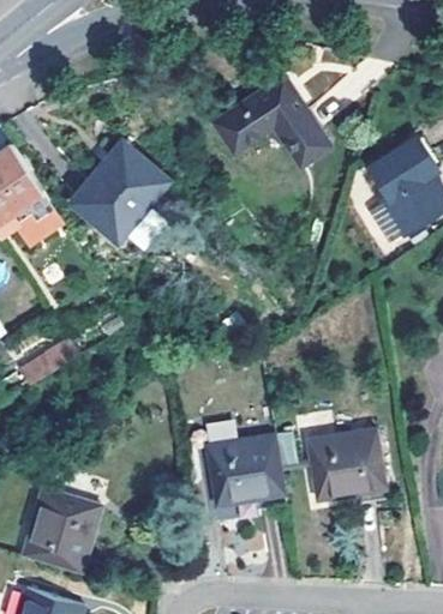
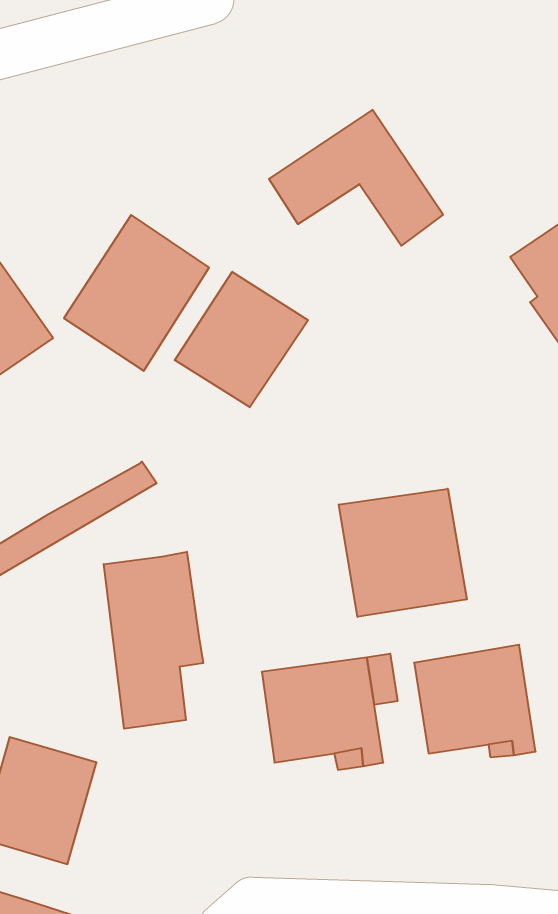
building: none -> [175,272,308,407]
building: none -> [339,489,467,617]
building: none -> [104,552,203,729]

